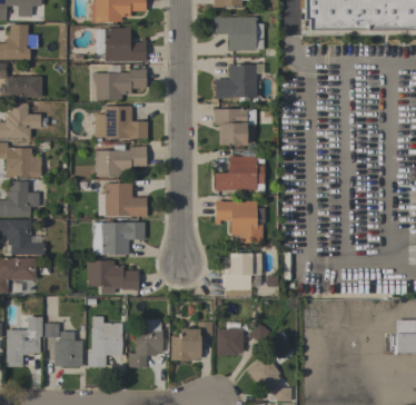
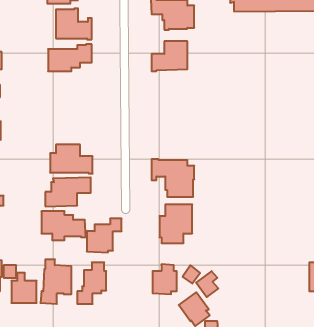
building: [95,106,148,138] -> none
building: [214,109,256,145] -> none
building: [95,145,147,177] -> none
building: [215,156,264,191] -> none
building: [171,322,211,360] -> [87,219,122,252]

